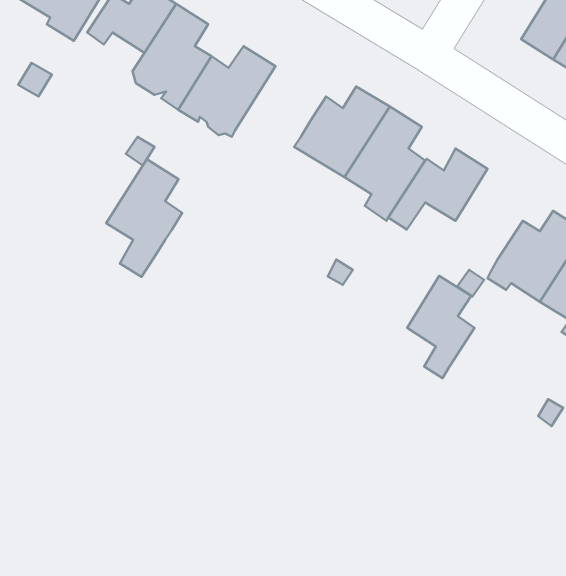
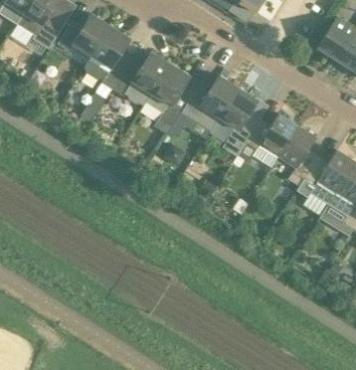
building: [106,159,182,277] -> [146,63,191,134]
building: [407,276,475,378] -> [278,125,318,186]

